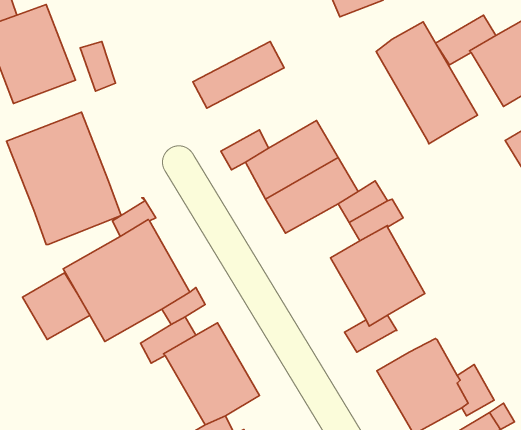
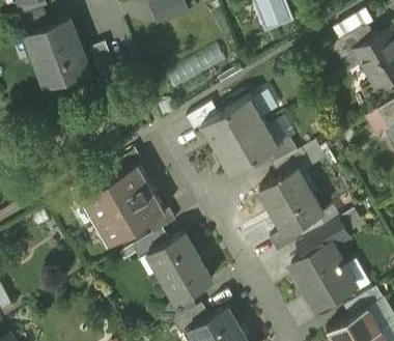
building: [376,22,477,144] -> none
building: [7,112,121,245] -> none
building: [23,273,90,340] -> none
building: none -> [304,220,348,254]

